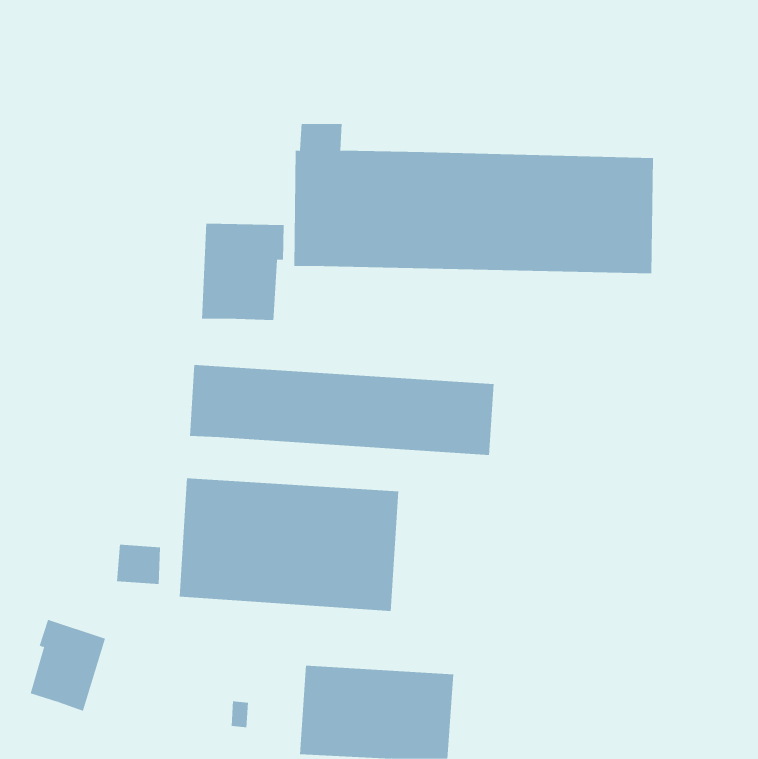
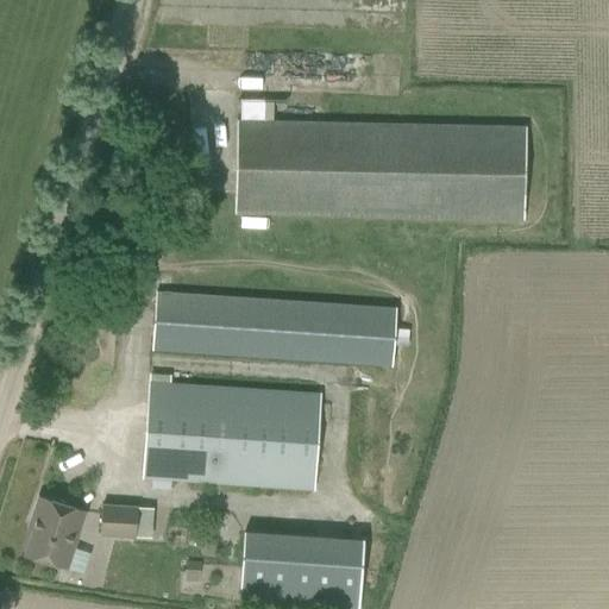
building: [201,223,284,321] -> none
building: [116,544,161,584] -> [101,504,137,536]

